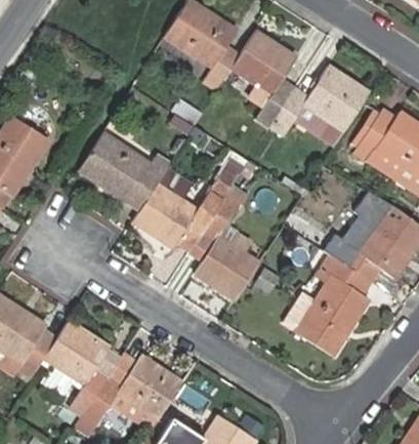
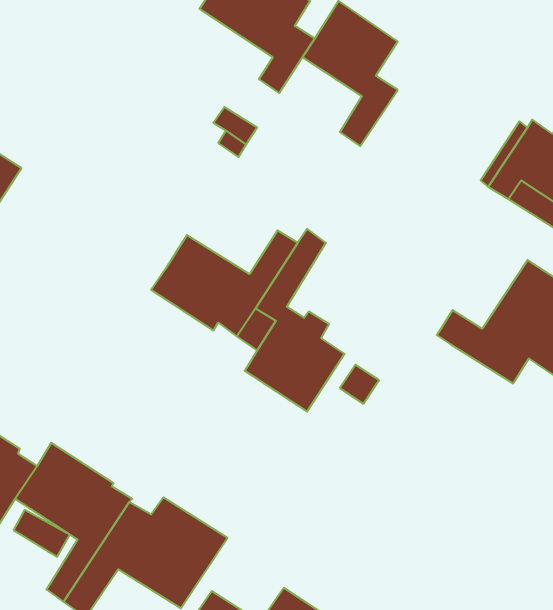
building: [270,66,371,147] -> none
building: [79,132,170,207] -> none
building: [284,256,371,355] -> none

